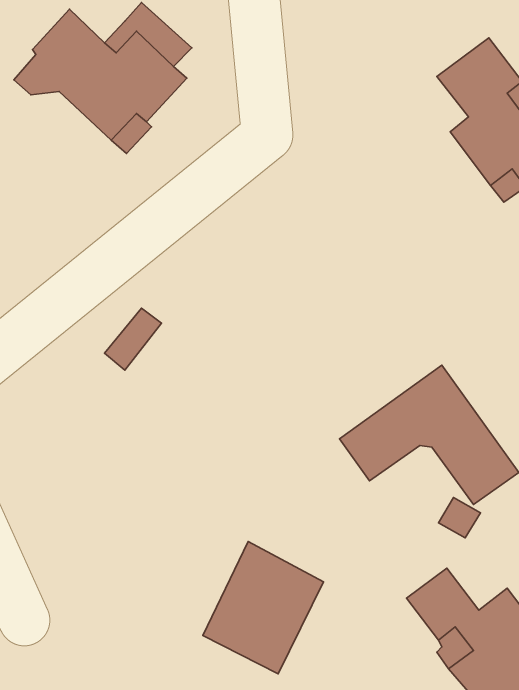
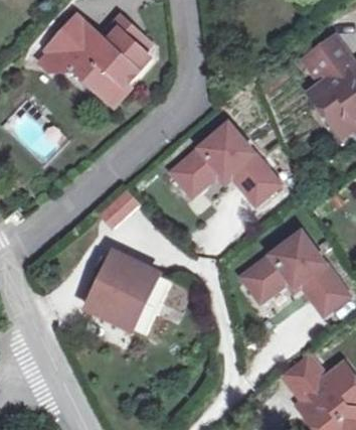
building: none -> [170,122,279,203]
building: [203,541,324,674] -> [87,253,160,332]

